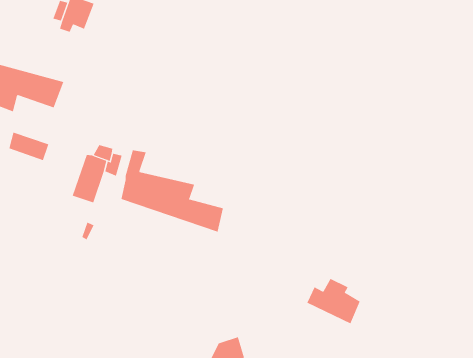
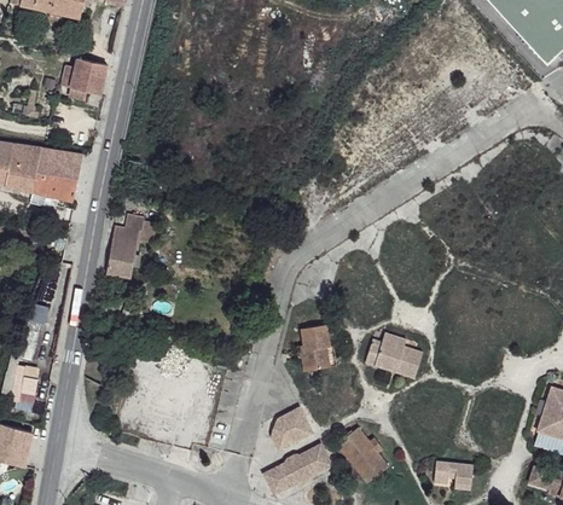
building: [9,132,49,161] -> [33,176,75,203]
building: [121,149,223,233] -> none
building: none -> [301,318,330,362]

